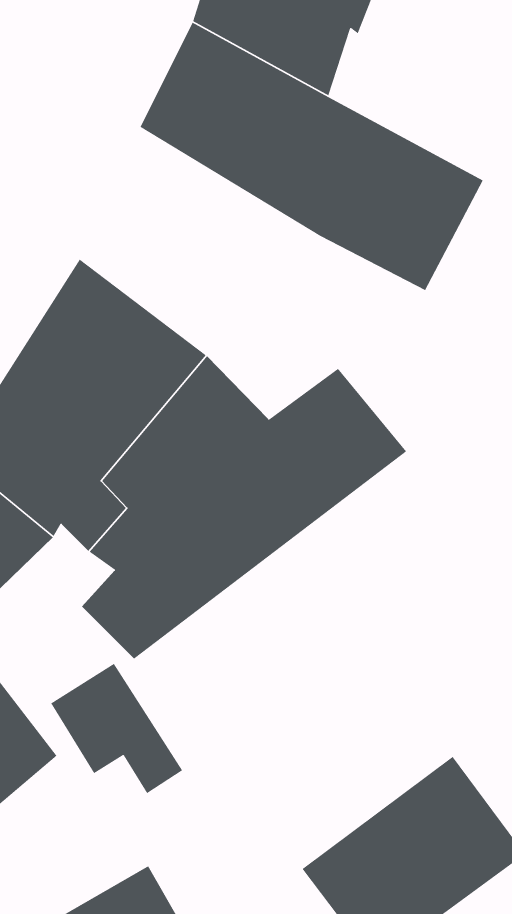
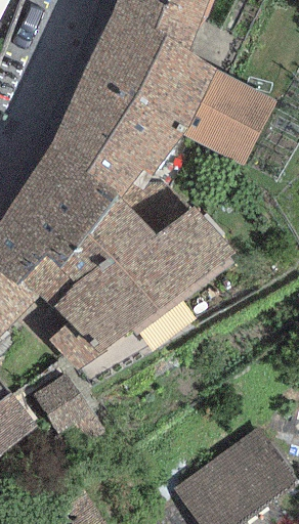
building: none -> [48,72,183,200]

